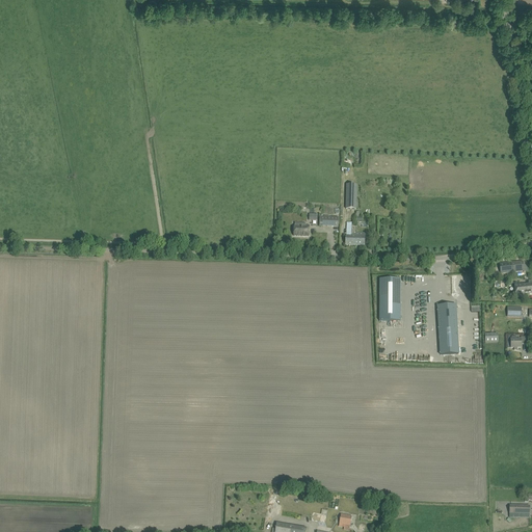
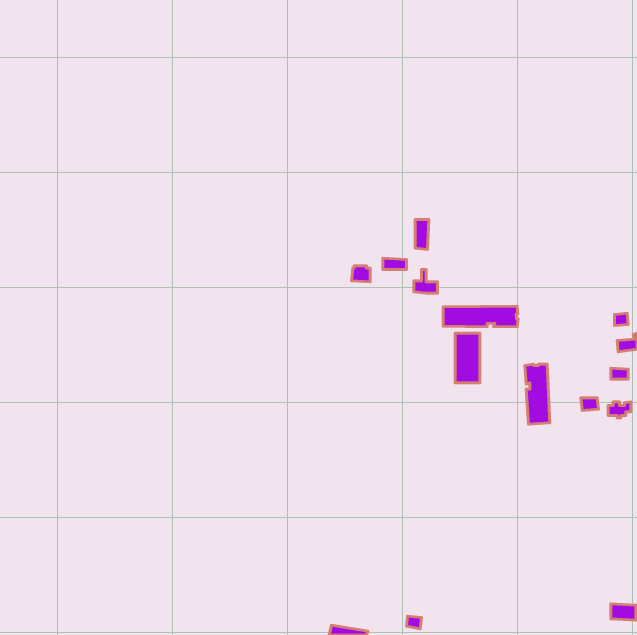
building: none -> [443,306,518,327]

